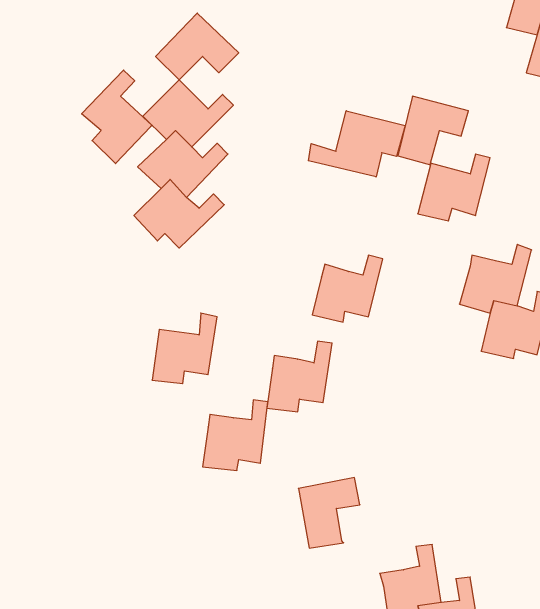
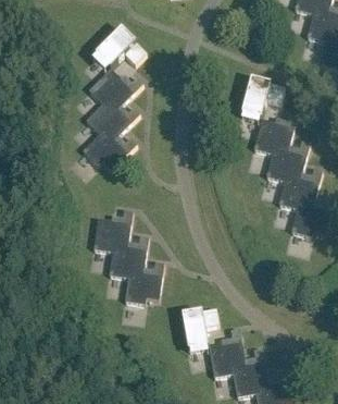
building: [82,70,152,164] -> none
building: [308,111,405,177] -> none
building: [312,255,383,322] -> [266,140,309,181]
building: [267,341,332,412] -> [109,235,148,278]
building: none -> [208,329,245,377]

